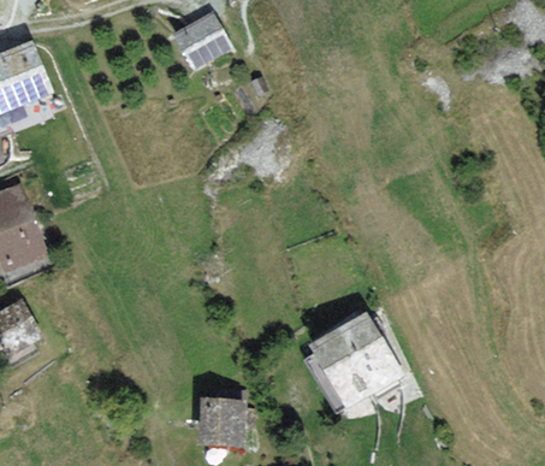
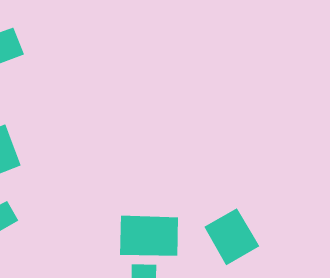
building: [178,16,229,63] -> none
building: none -> [119,215,179,256]

